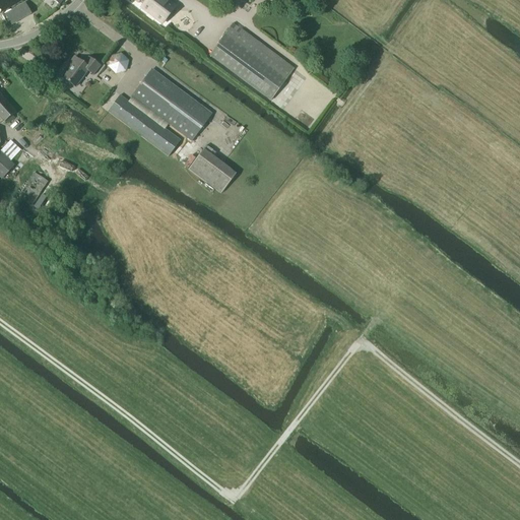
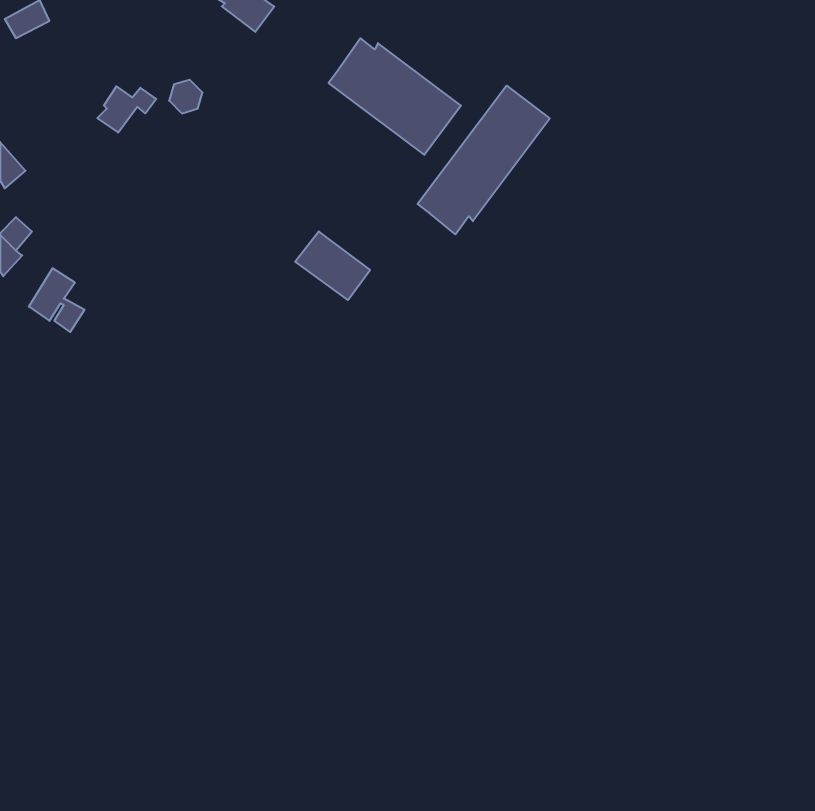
building: none -> [418,86,550,234]
building: [132,67,211,139] -> none
building: [108,92,181,154] -> none

